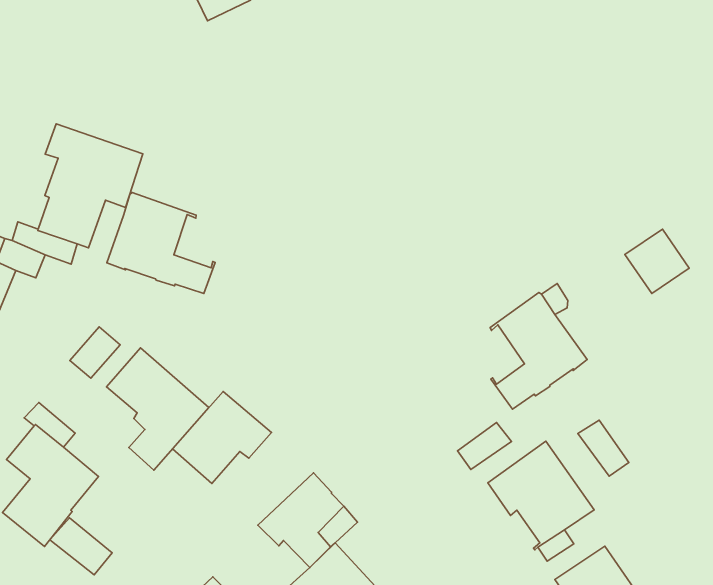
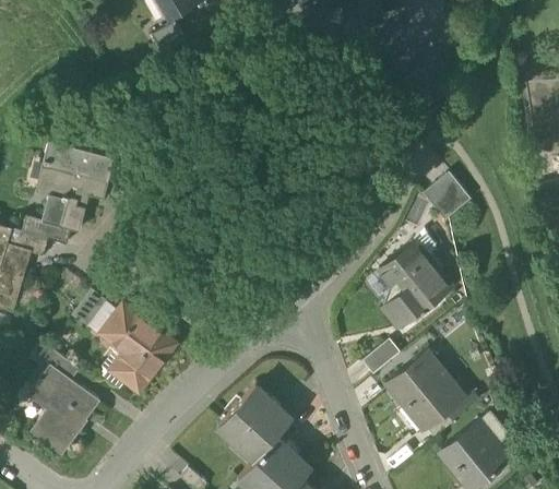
building: [107,193,215,294] -> none
building: [625,229,689,294] -> [423,172,471,220]
building: [173,391,271,483] -> none
building: [578,420,629,476] -> none
building: [50,518,112,575] -> none

